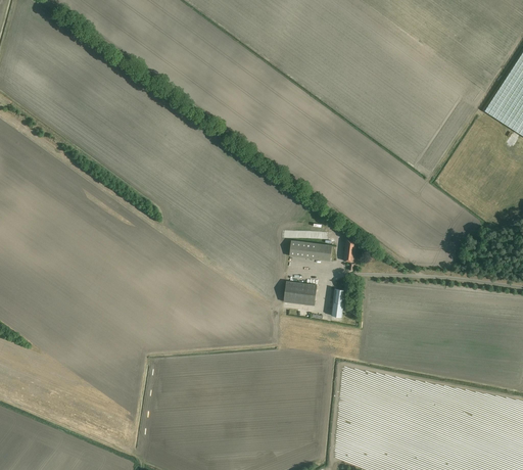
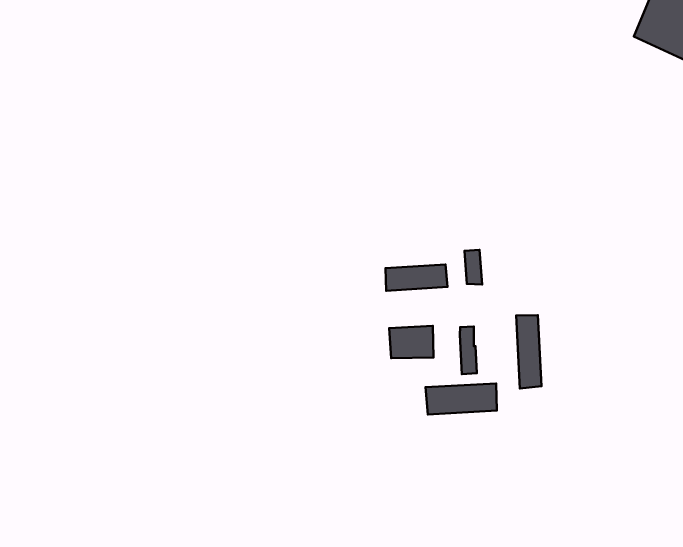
building: none -> [516,315,542,388]
building: none -> [425,384,497,414]

